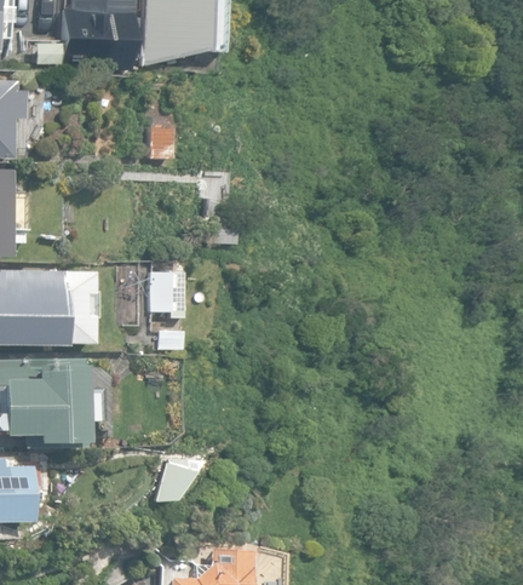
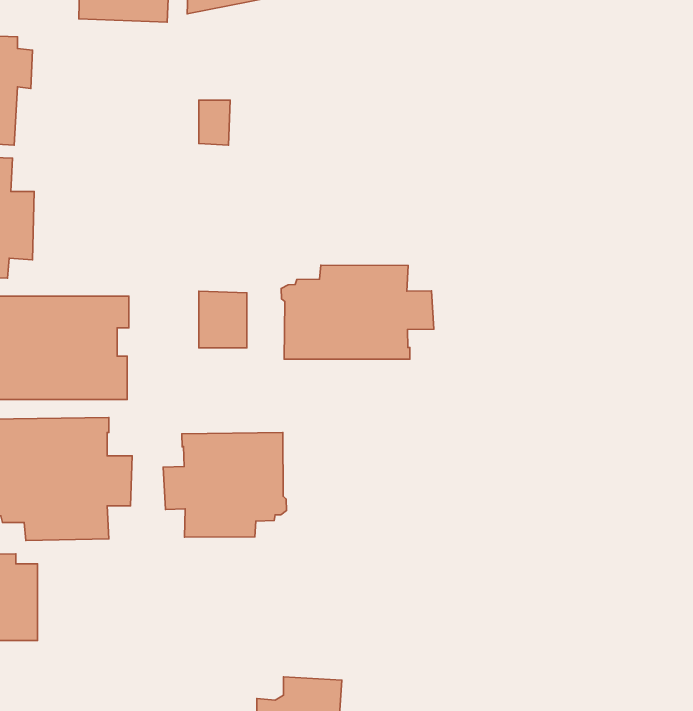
building: none -> [281,265,434,359]
building: none -> [163,433,286,537]

